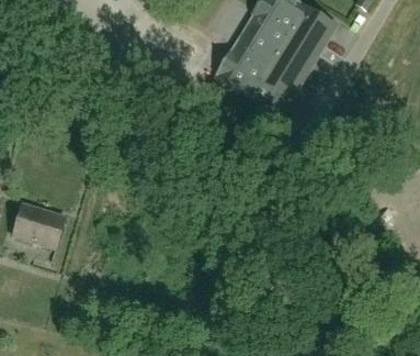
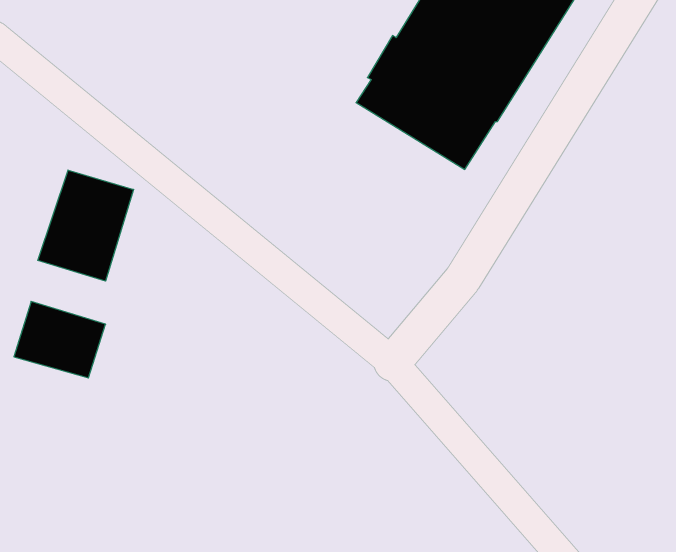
building: none -> [38,170,134,281]

